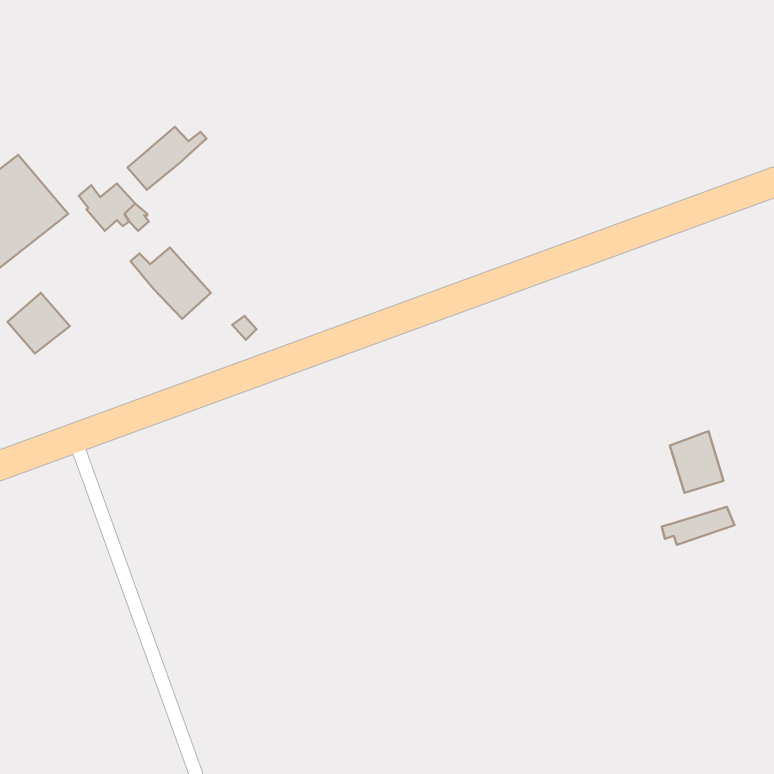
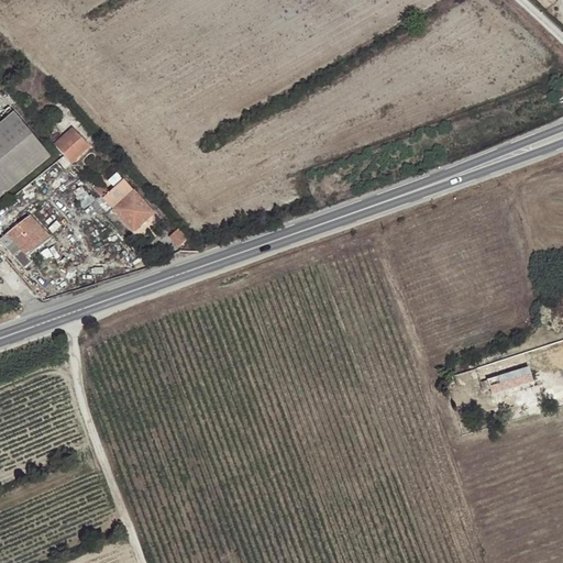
building: [128,127,207,190] -> none
building: [670,431,724,493] -> none

